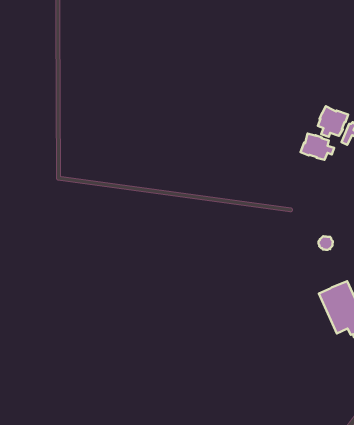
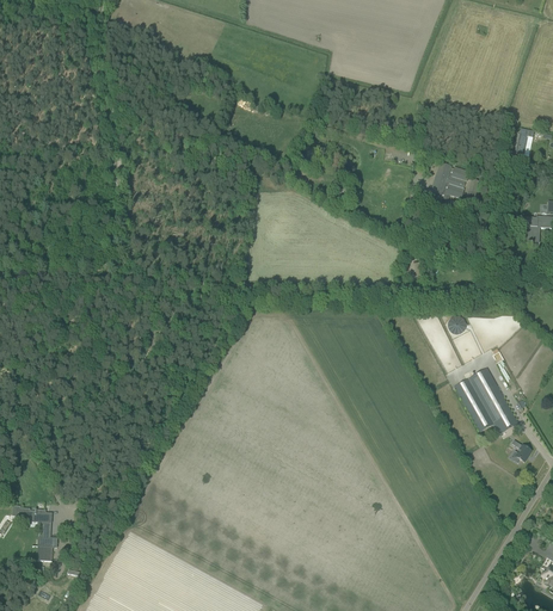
building: [300,133,334,160] -> none

